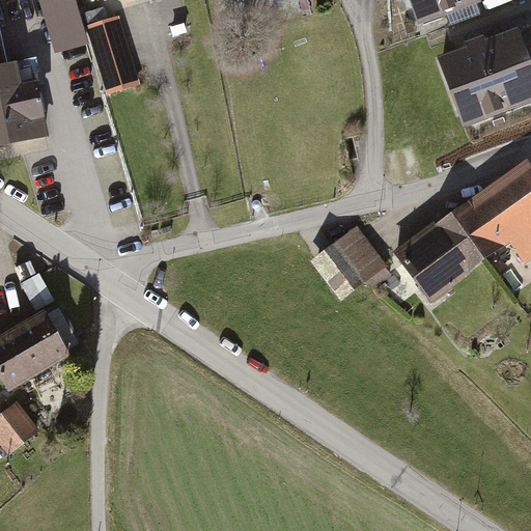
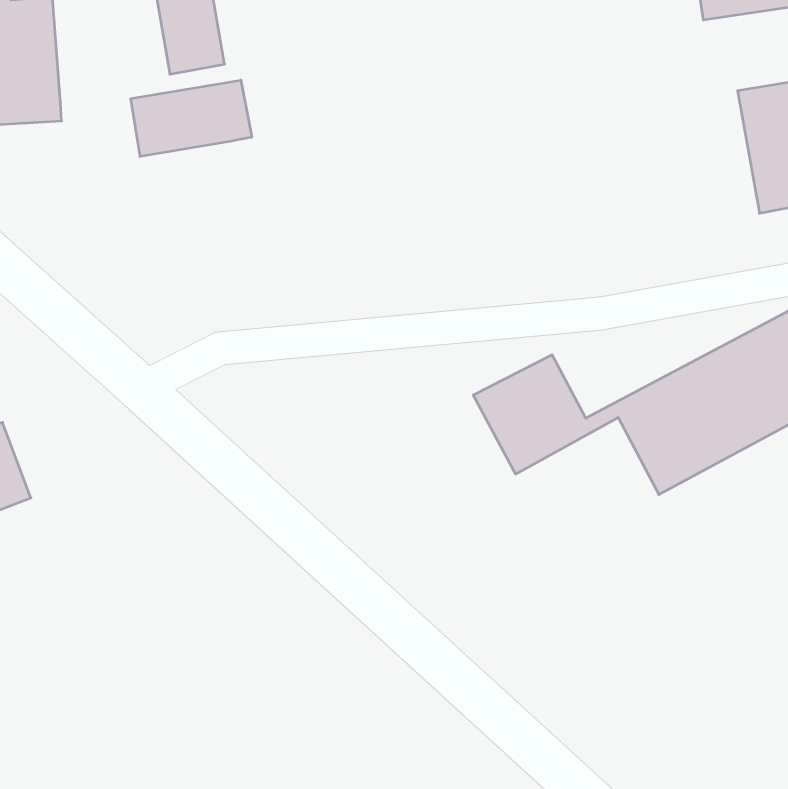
building: none -> [131,80,252,157]

